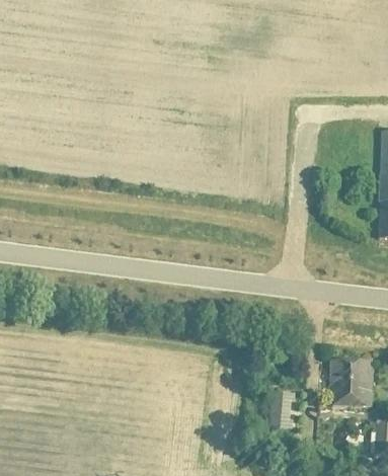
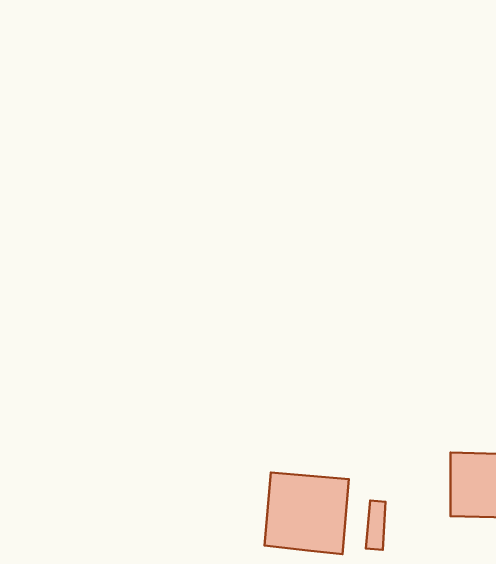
building: none -> [265,472,349,554]

